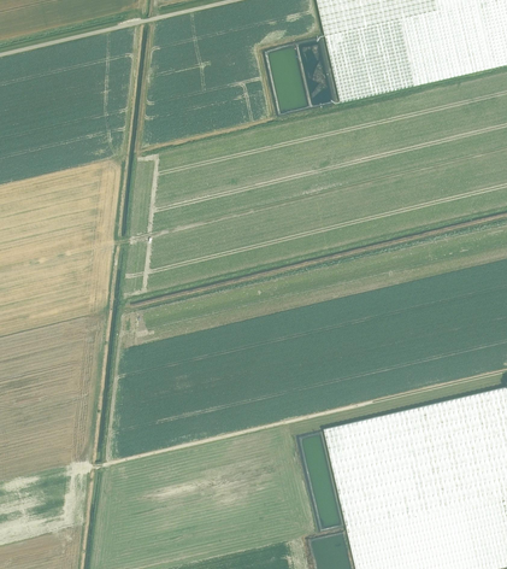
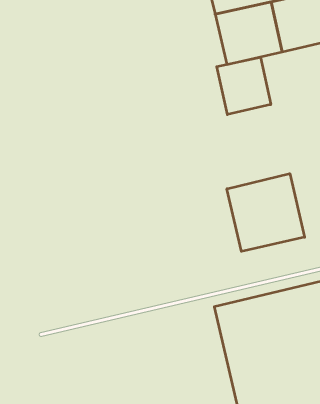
building: none -> [217,57,271,115]
building: none -> [227,174,305,251]

